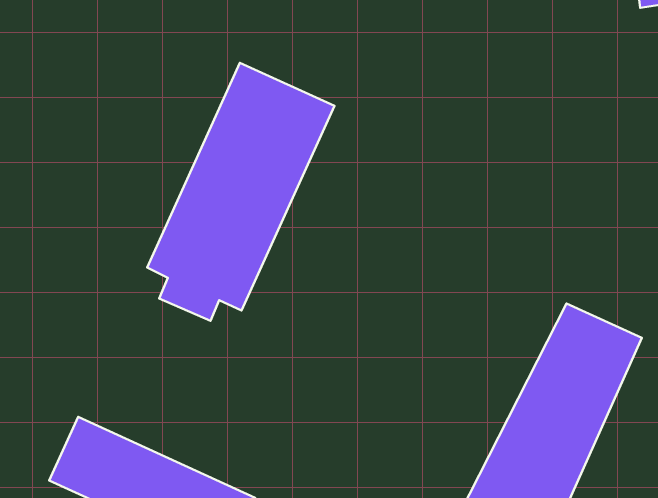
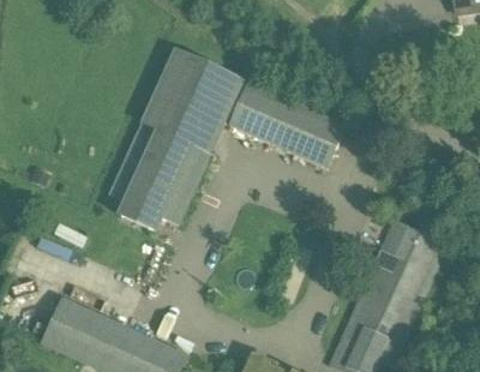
building: none -> [228,82,343,166]

